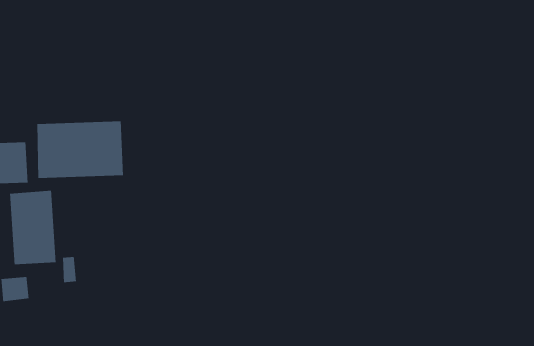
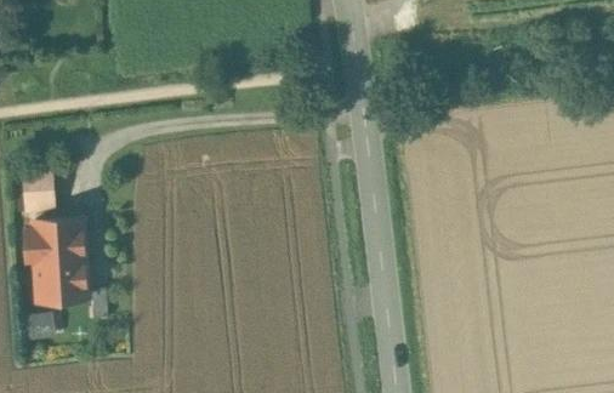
building: [36,120,124,179] -> none

